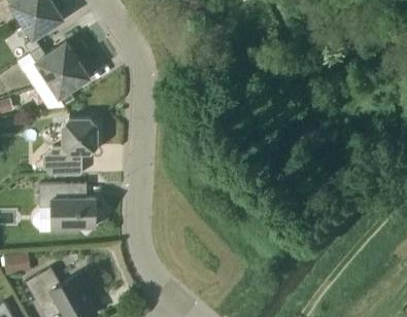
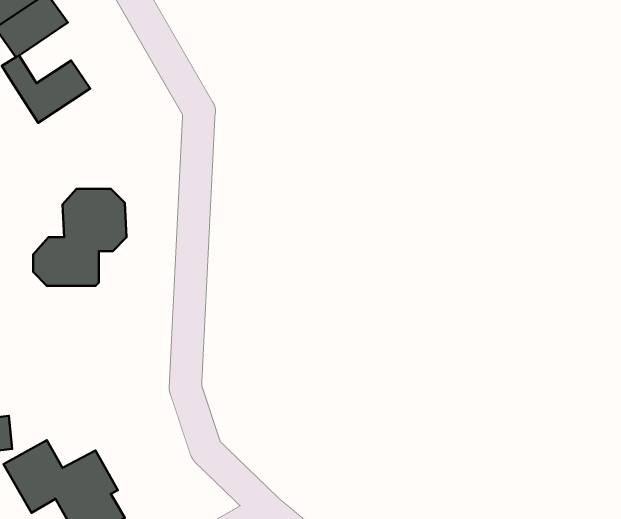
building: [46,59,90,107] -> none
building: [39,184,95,233] -> none

